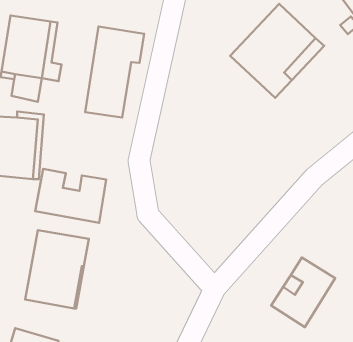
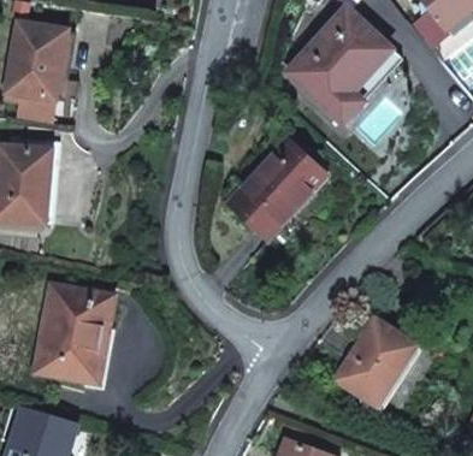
building: [85,26,144,118] -> none
building: none -> [226,137,326,239]
building: [35,169,106,223] -> none

